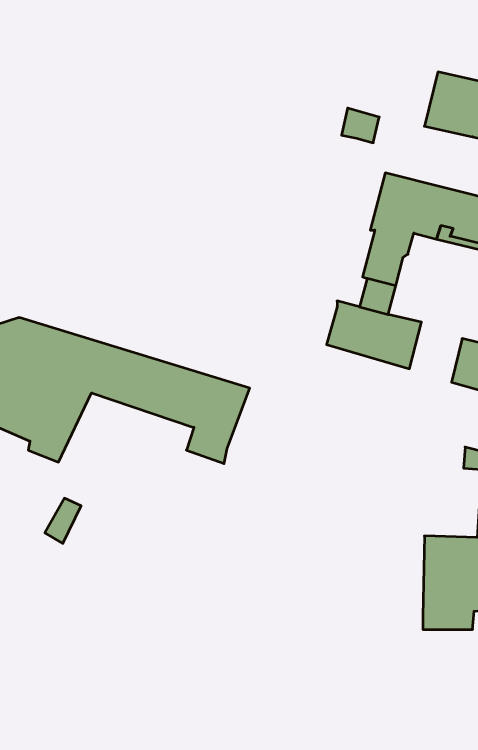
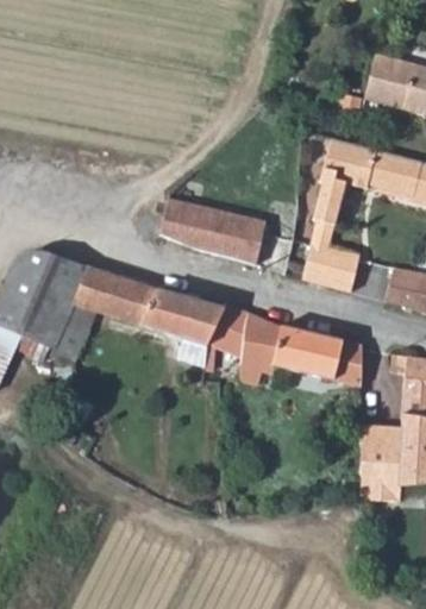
building: none -> [159,200,269,264]
building: none -> [205,301,363,395]

